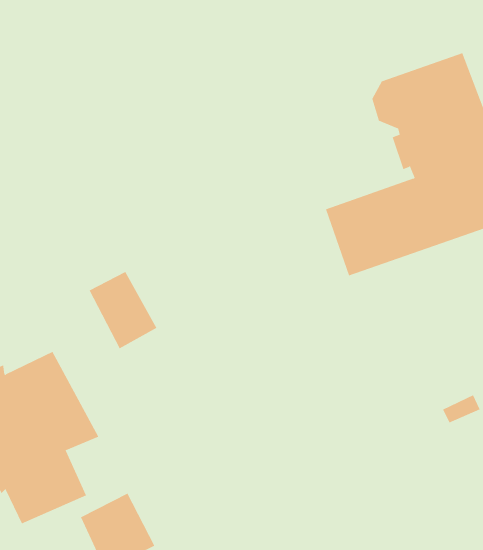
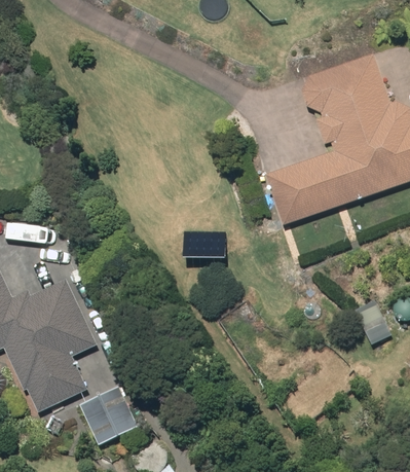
building: [89,271,157,349] -> none

